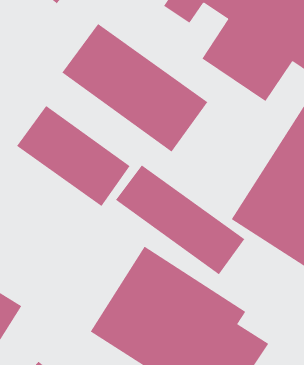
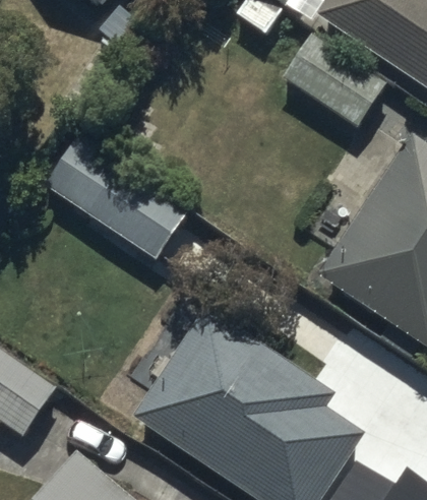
building: [62,23,208,152] -> none
building: [115,165,245,275] -> none

